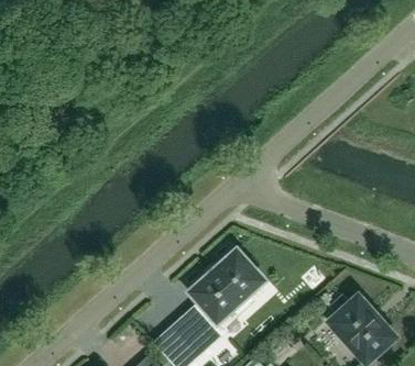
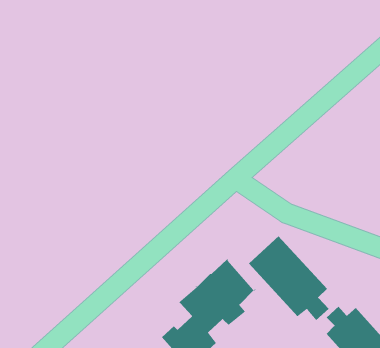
building: none -> [248,235,329,321]

